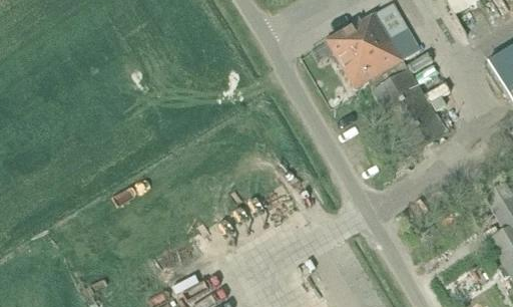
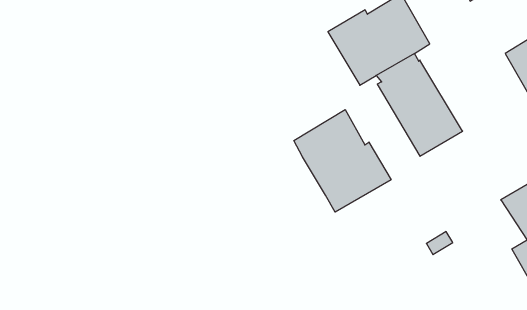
building: none -> [294,110,391,212]

